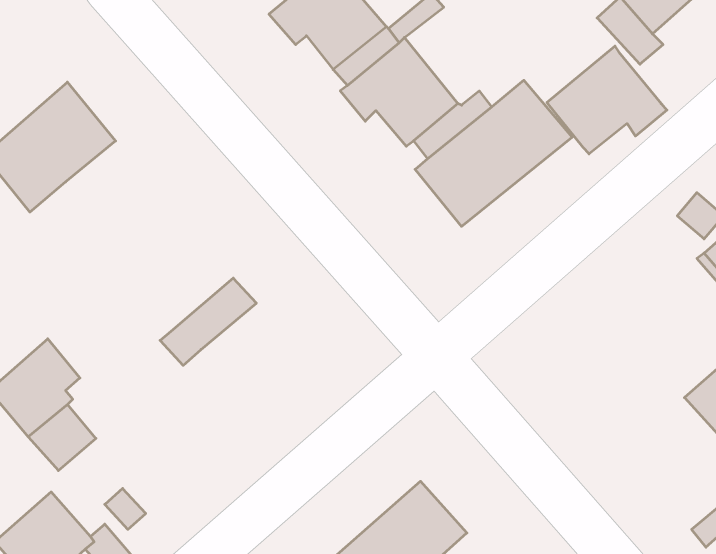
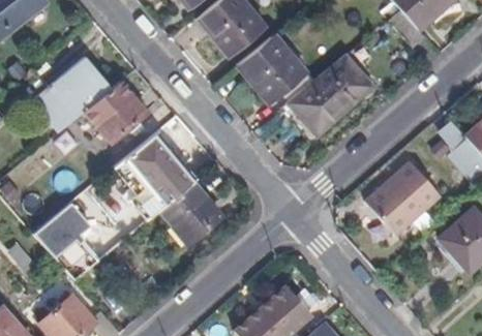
building: [547,46,667,154] -> none
building: none -> [80,82,138,136]
building: none -> [115,136,177,200]
building: none -> [366,163,442,237]
building: none -> [158,183,218,243]

